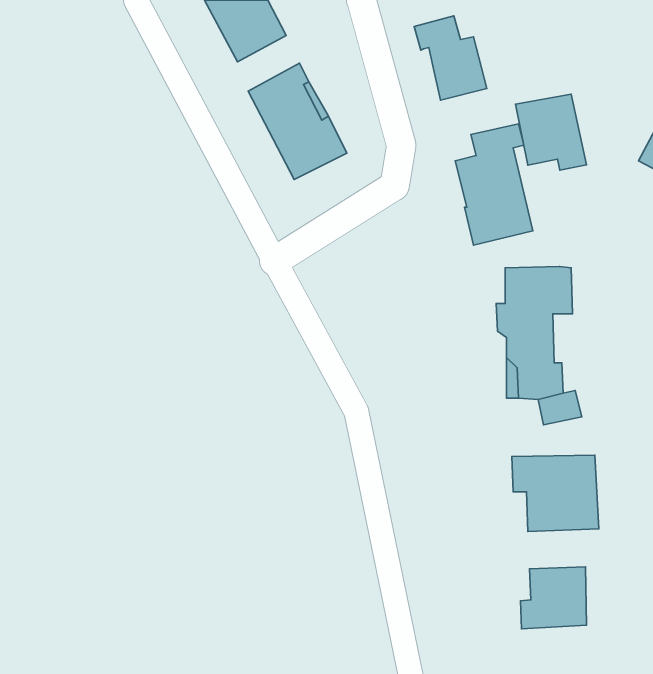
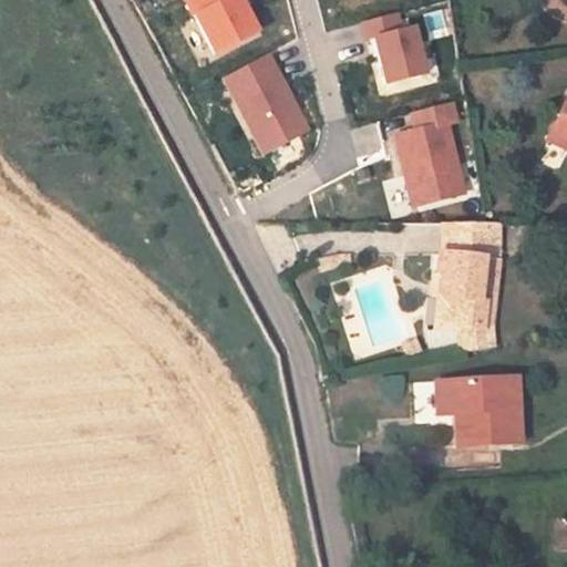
building: [516,94,587,170] -> none
building: [521,567,587,629] -> none

